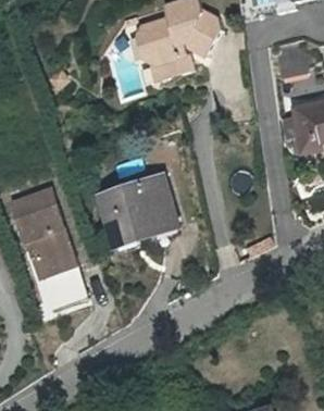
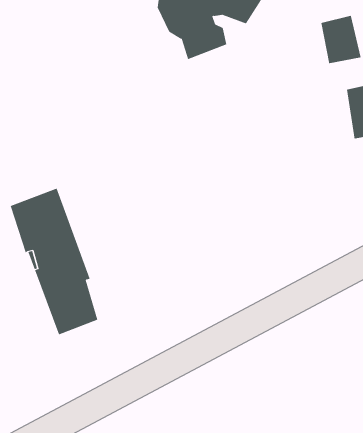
building: [96,174,174,246] -> none

